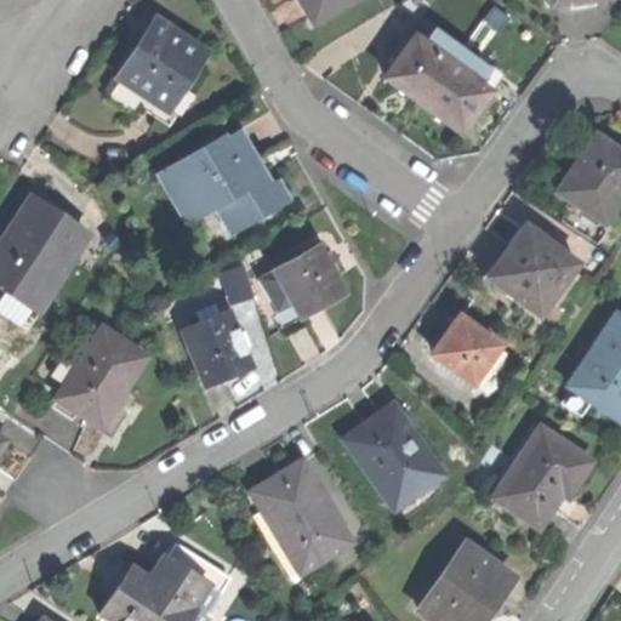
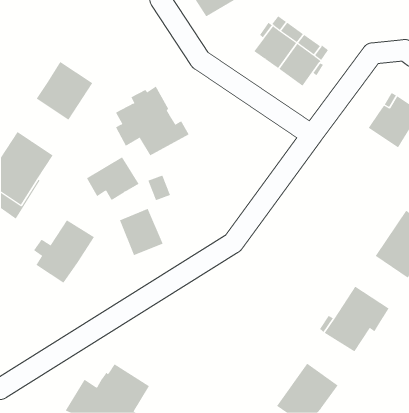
building: [120,19,206,108] -> [36,61,93,120]
building: [489,227,576,314] -> none
building: [263,246,343,313] -> [86,156,140,201]
building: [438,319,500,384] -> none
building: [346,410,443,508] -> none
building: [246,461,349,572] -> none

